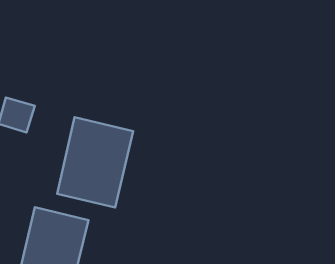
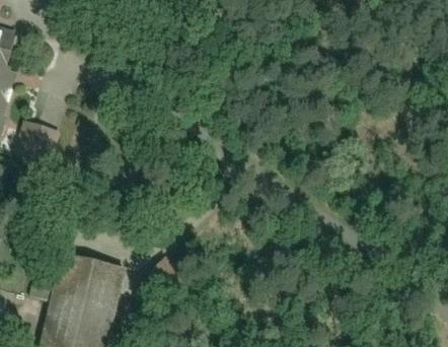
building: [57,117,133,207] -> none

